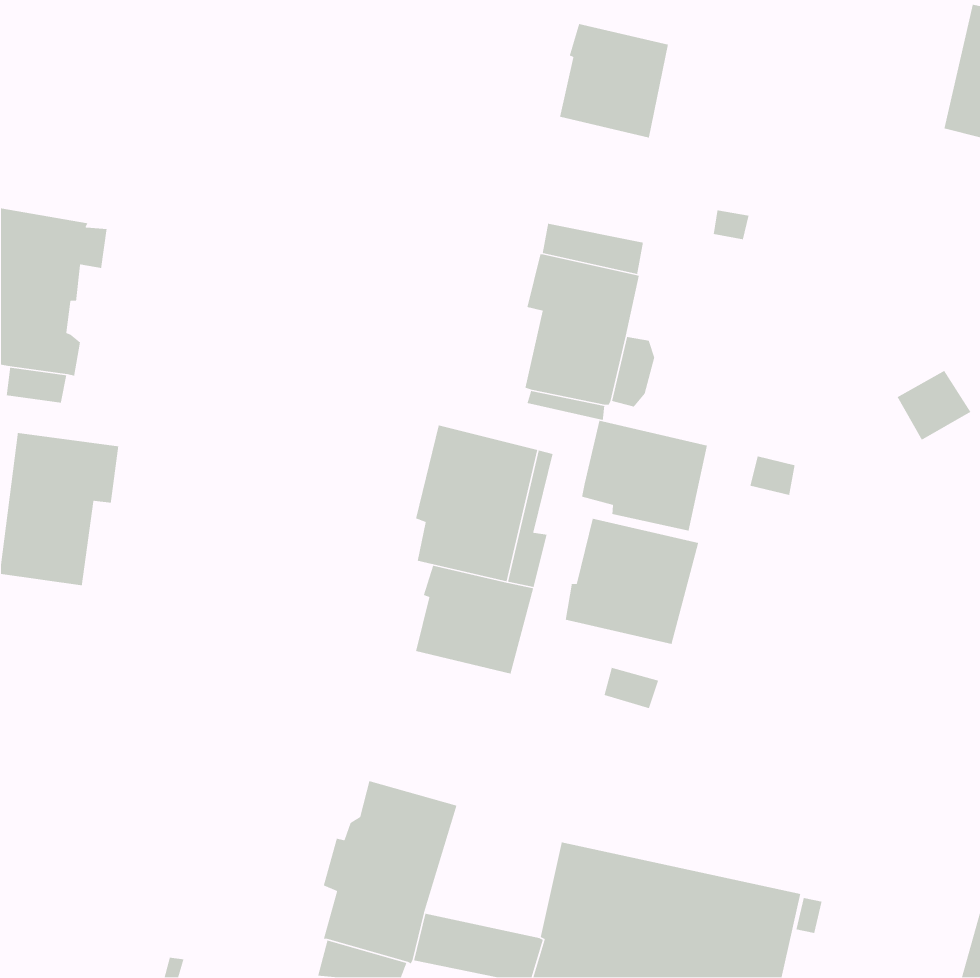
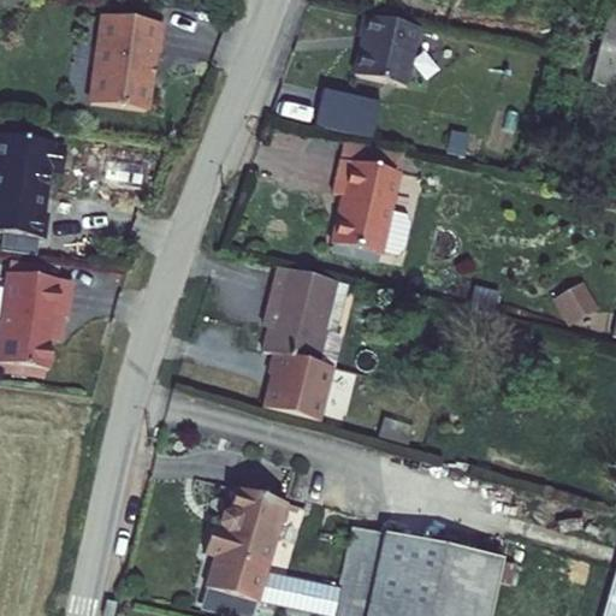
building: none -> [90,11,161,107]
building: none -> [314,89,380,138]
building: [896,370,971,441] -> [553,282,600,326]
building: [581,420,708,531] -> none
building: [565,518,699,645] -> none

